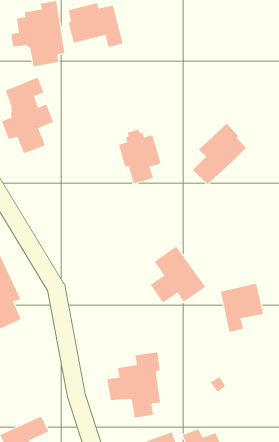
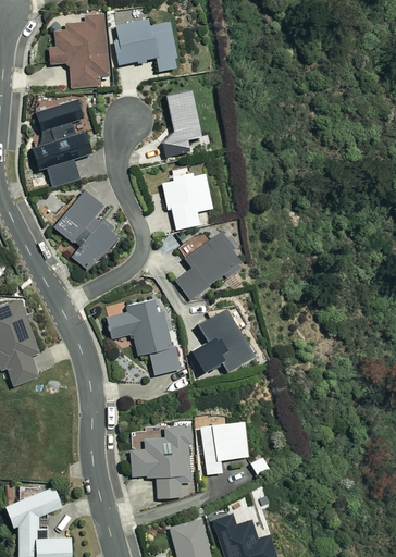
building: none -> [161,86,199,154]
building: [192,123,247,185] -> [173,227,237,297]
building: none -> [54,190,119,273]
building: none -> [107,299,182,374]
building: [220,283,264,333] -> [200,421,248,475]

